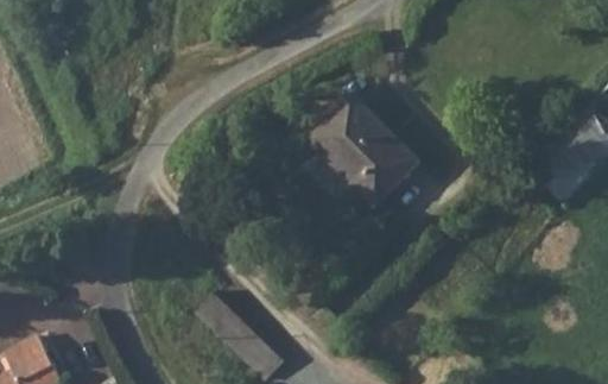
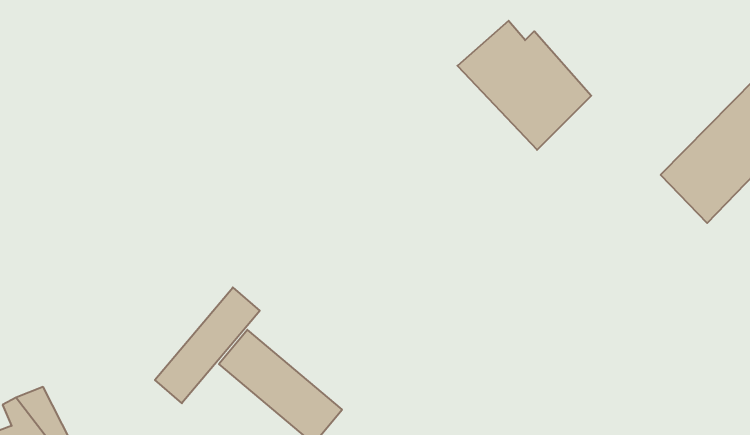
building: [312,100,418,202] -> [457,21,591,150]
building: none -> [155,287,260,403]

